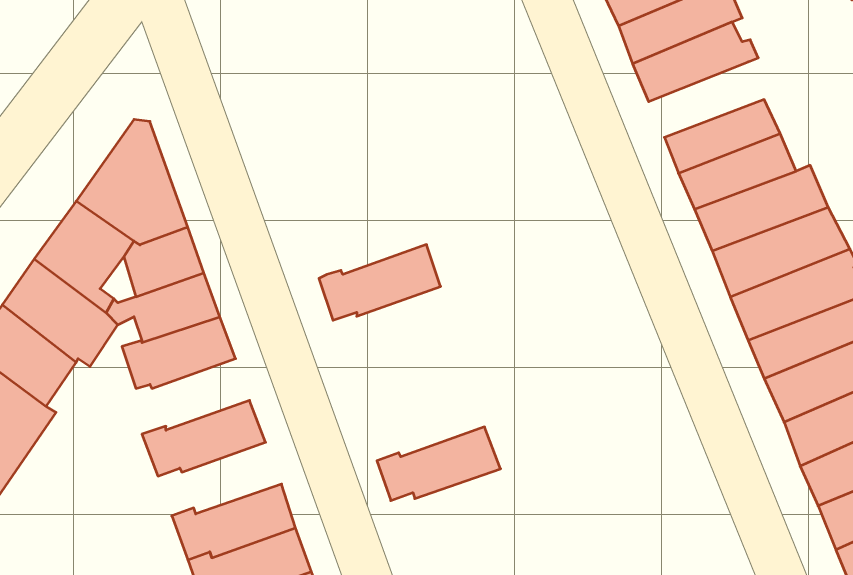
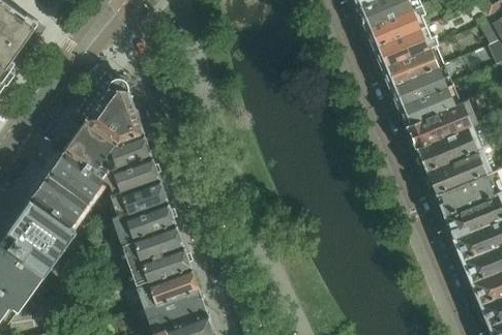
building: none -> [383,48,443,87]
building: [319,245,441,320] -> [113,202,176,241]
building: [377,427,501,501] -> [128,245,193,283]

